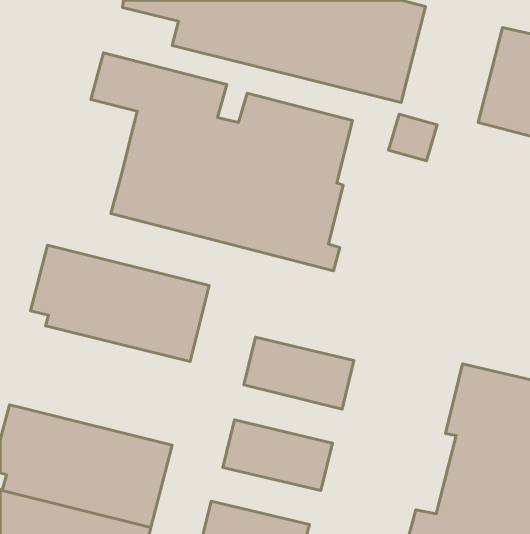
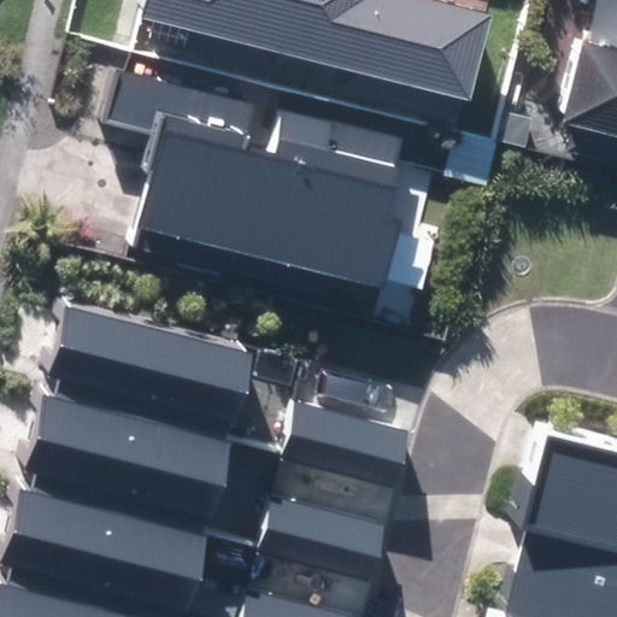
building: none -> [25,374,231,515]

